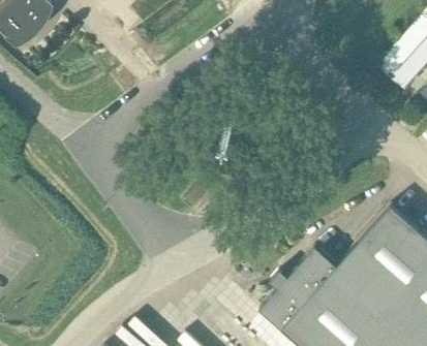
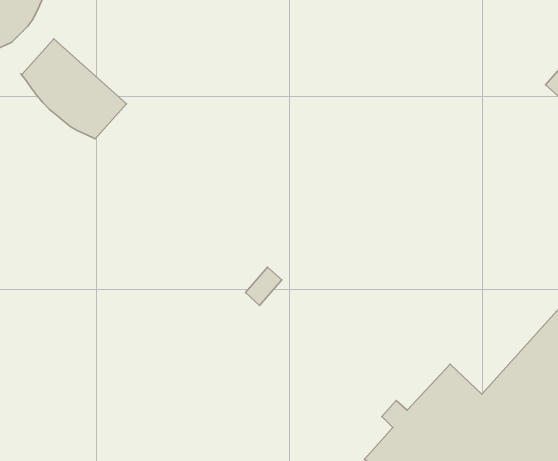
building: none -> [21,39,127,139]

